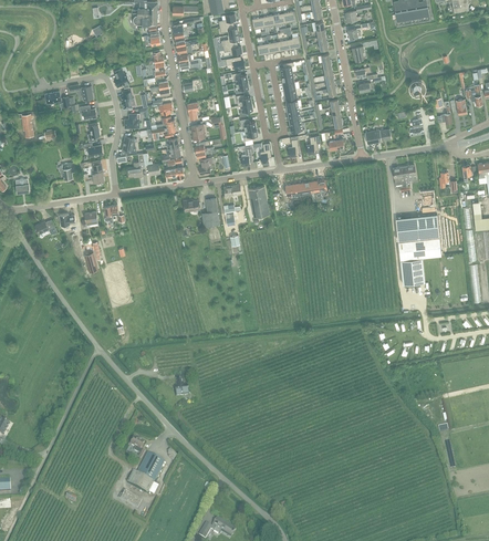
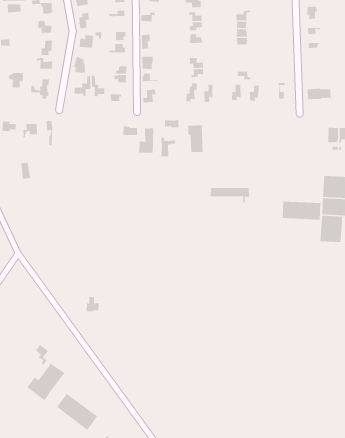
building: [284,178,326,196] -> [210,187,250,203]
building: none -> [282,201,321,220]
building: none -> [56,393,98,431]

